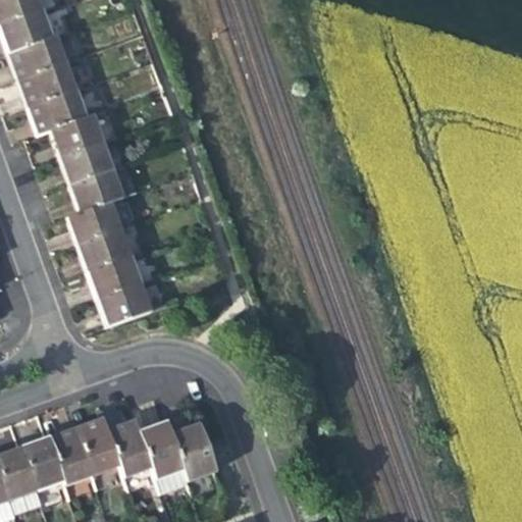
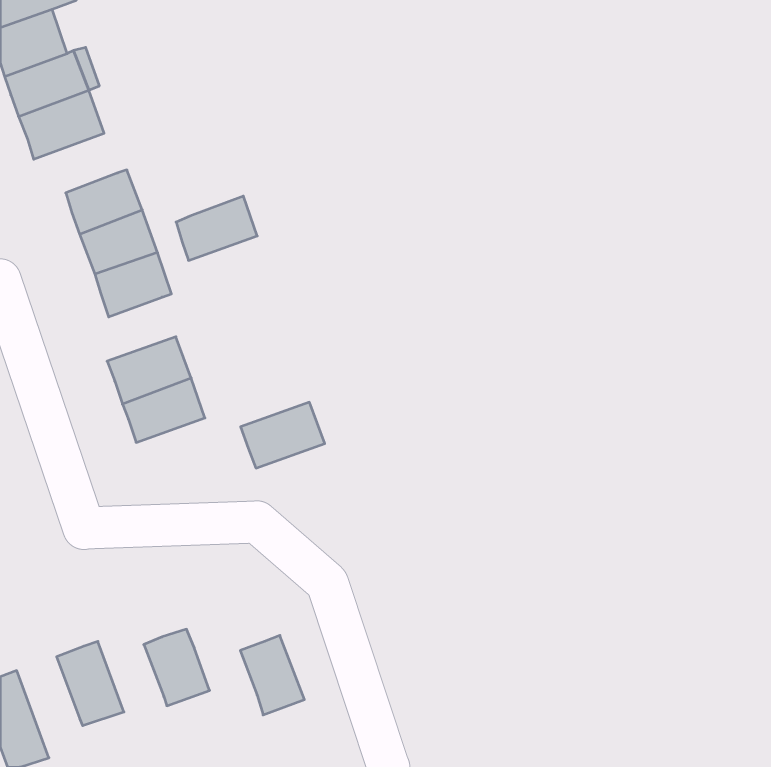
building: [30,89,86,133] -> none
building: [70,198,124,241] -> [176,196,257,260]
building: [98,278,154,322] -> [241,402,325,468]
building: [72,417,116,474] -> none
building: [137,421,180,491] -> none
building: [18,437,63,505] -> none

